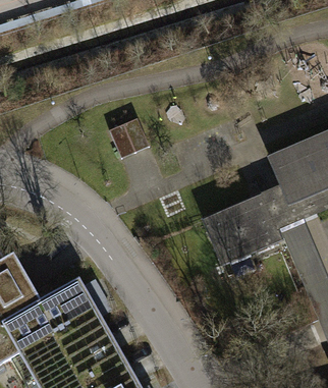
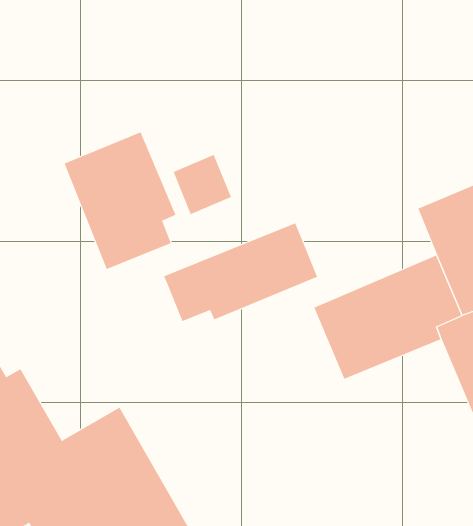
building: none -> [64,132,176,270]
building: none -> [163,222,318,322]

